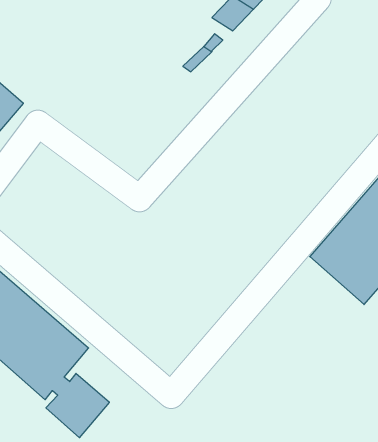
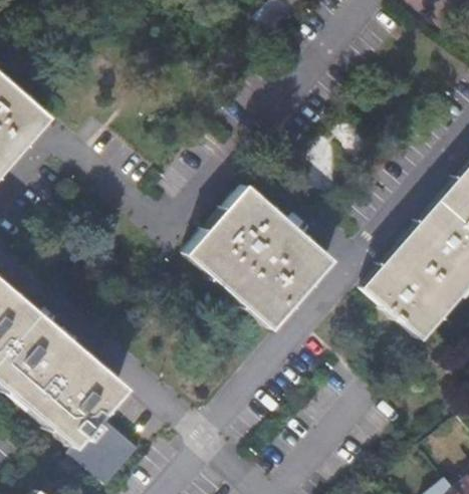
building: none -> [188,186,330,325]

